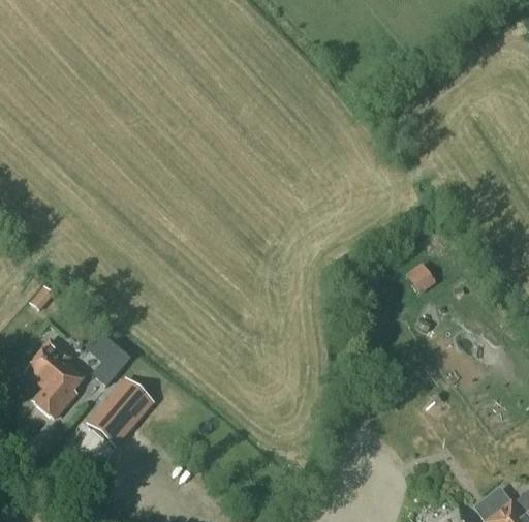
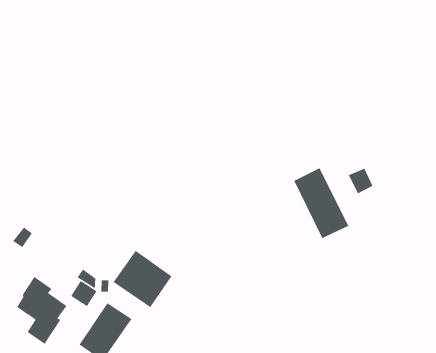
building: none -> [293,167,350,239]
building: none -> [113,250,172,308]

